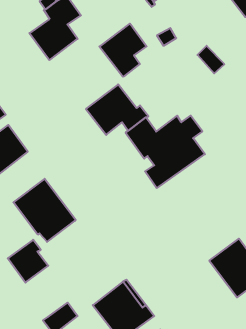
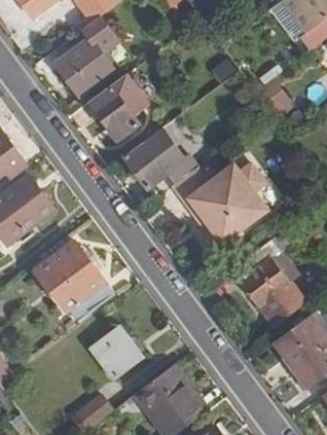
building: [99,24,147,77] -> [88,74,146,139]
building: none -> [233,229,301,322]
building: [8,240,48,283] -> [89,326,139,378]

